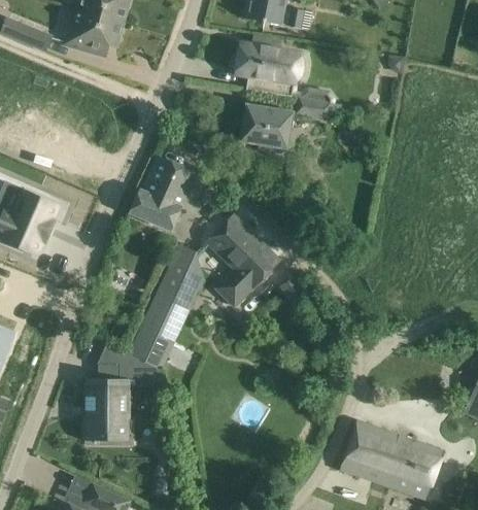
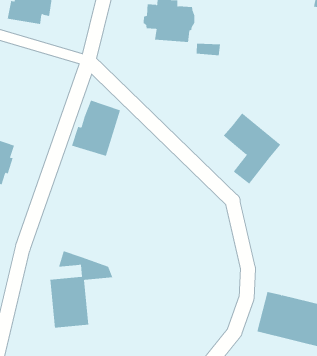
building: [239,104,292,151] -> none
building: [206,214,278,306] -> [223,113,281,185]
building: [128,244,202,369] -> none

